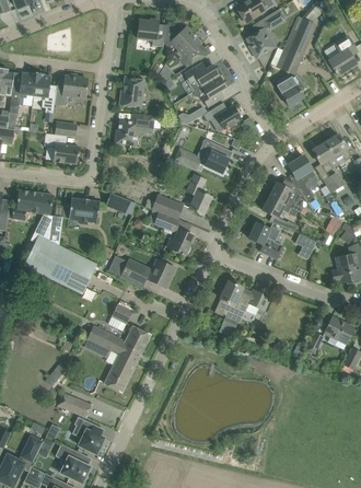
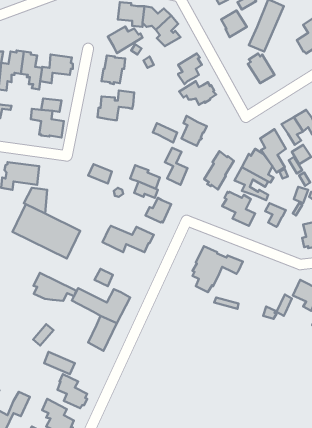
building: [184,62,221,91] -> [108,26,142,53]
building: none -> [204,151,234,190]
building: [69,198,100,223] -> none
building: none -> [34,273,76,301]

